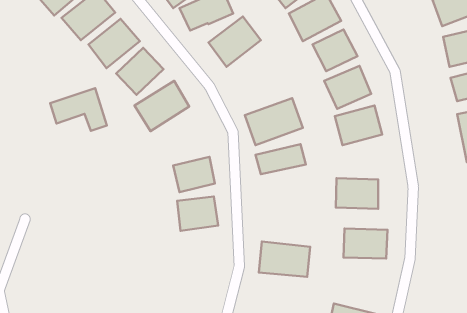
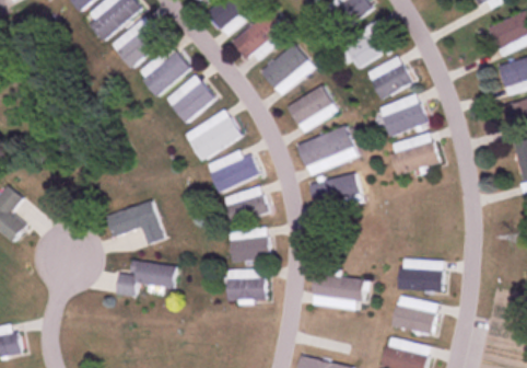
building: none -> [288,84,338,130]
building: [50,88,107,131] -> [105,200,163,244]
building: none -> [207,150,259,192]
building: [336,178,378,209] -> none
building: none -> [115,261,176,296]
building: none -> [225,269,265,299]
building: none -> [391,296,438,334]

